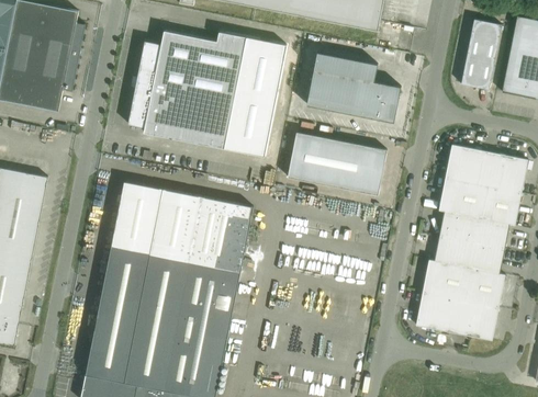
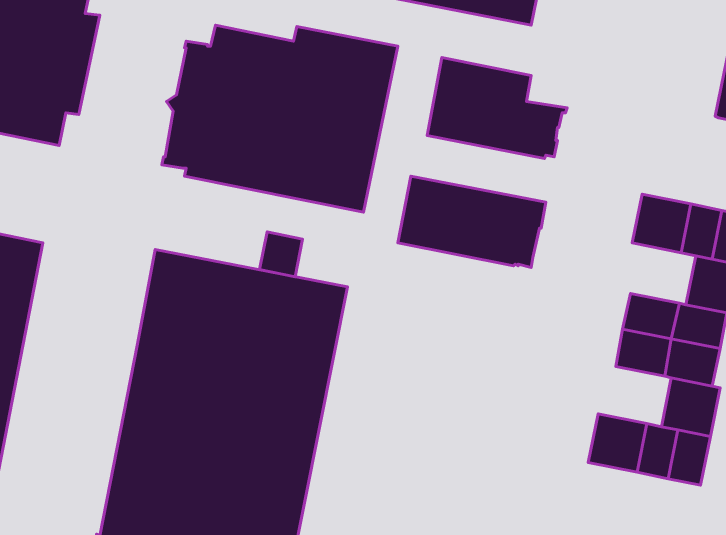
building: [460,19,502,89] -> none
building: none -> [260,232,303,277]
building: [438,177,487,218] -> none
building: [422,259,471,300] -> none

